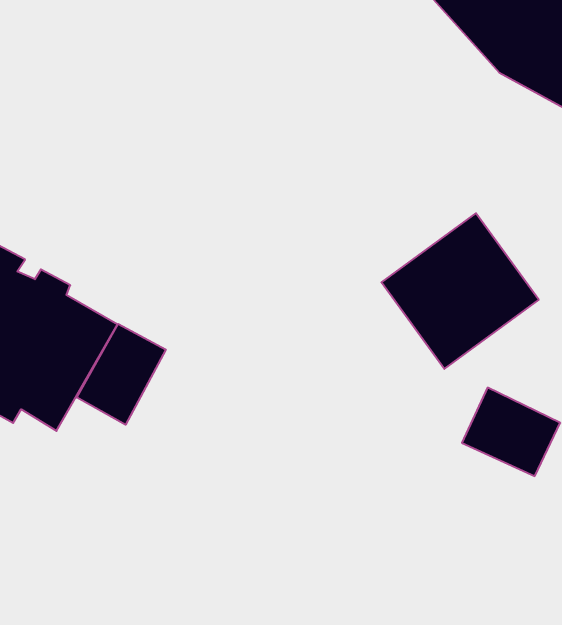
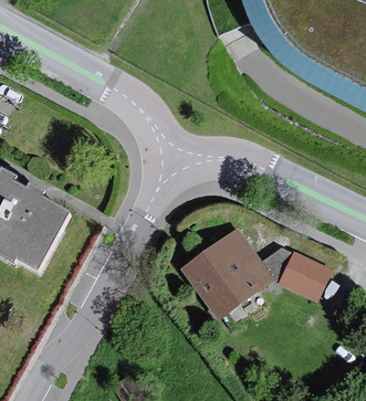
building: [381,213,539,369] -> [185,228,273,315]
building: [77,324,166,425] -> none

